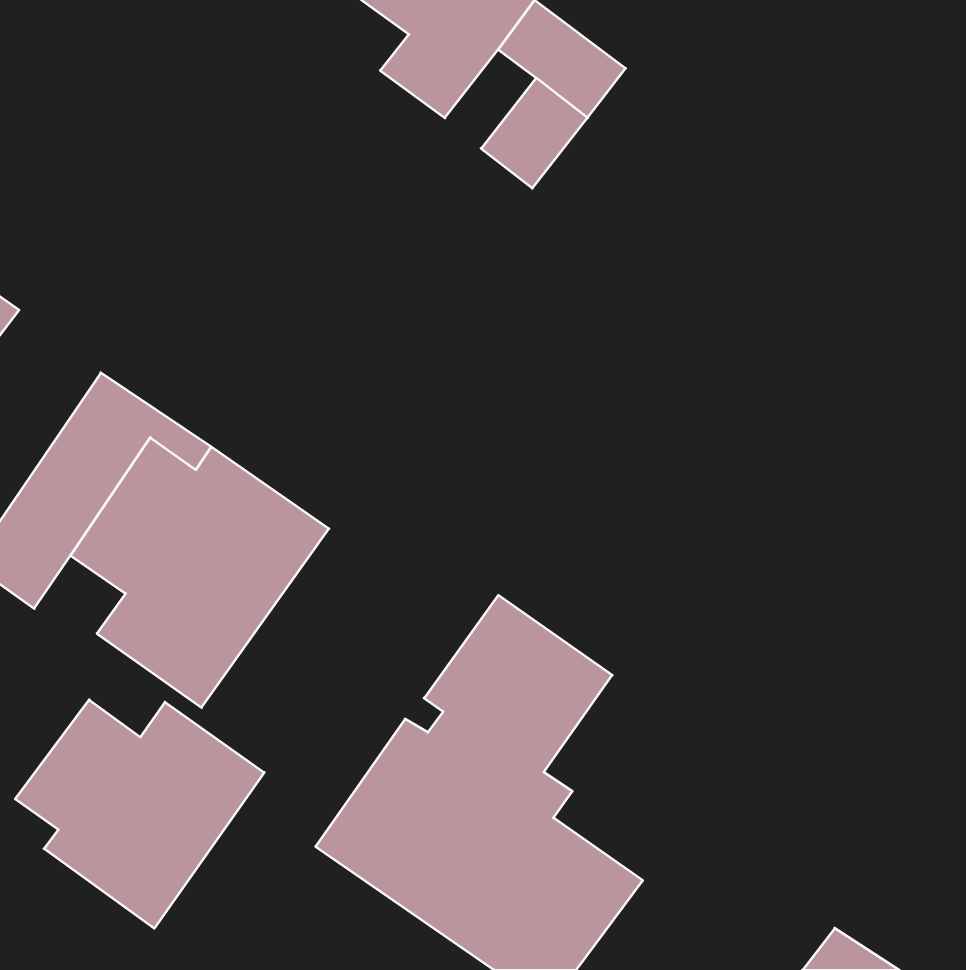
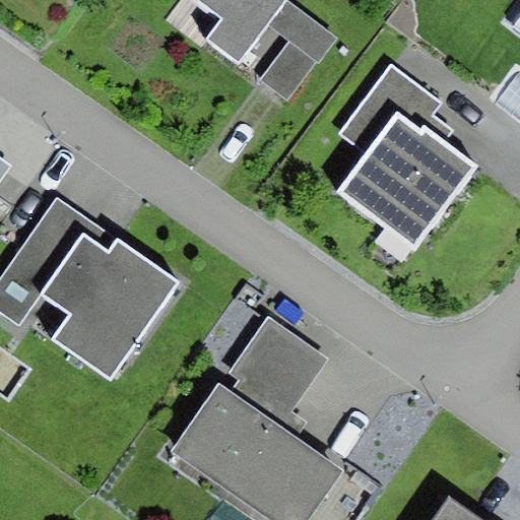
building: none -> [335,65,477,251]
building: [15,700,264,928] -> none

